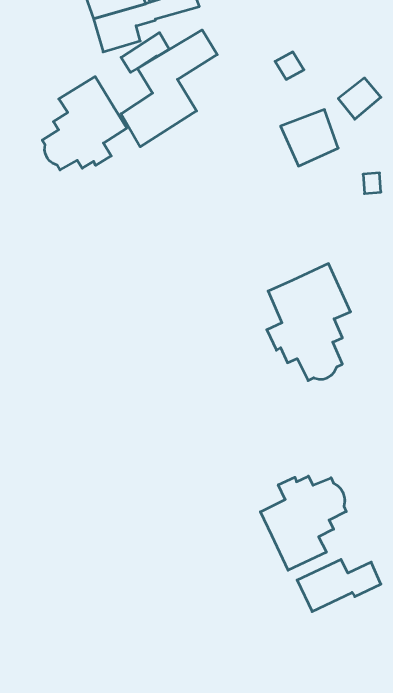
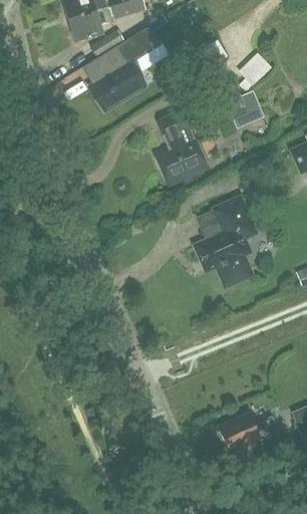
building: [42,77,127,170] -> none
building: none -> [154,113,210,187]
building: [260,476,346,570] -> none

